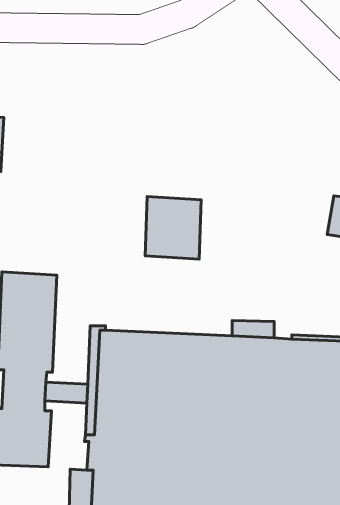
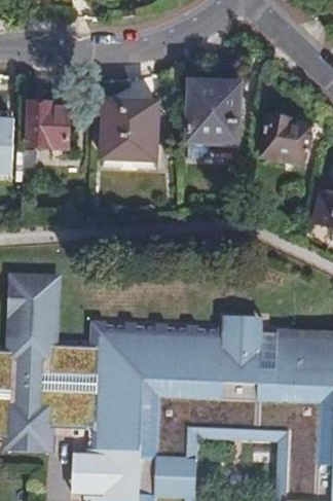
building: none -> [183,83,234,143]
building: none -> [27,105,66,147]
building: none -> [260,116,306,164]
building: [145,196,201,259] -> [100,99,152,157]

